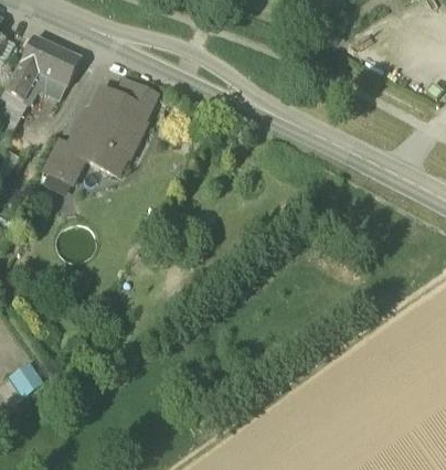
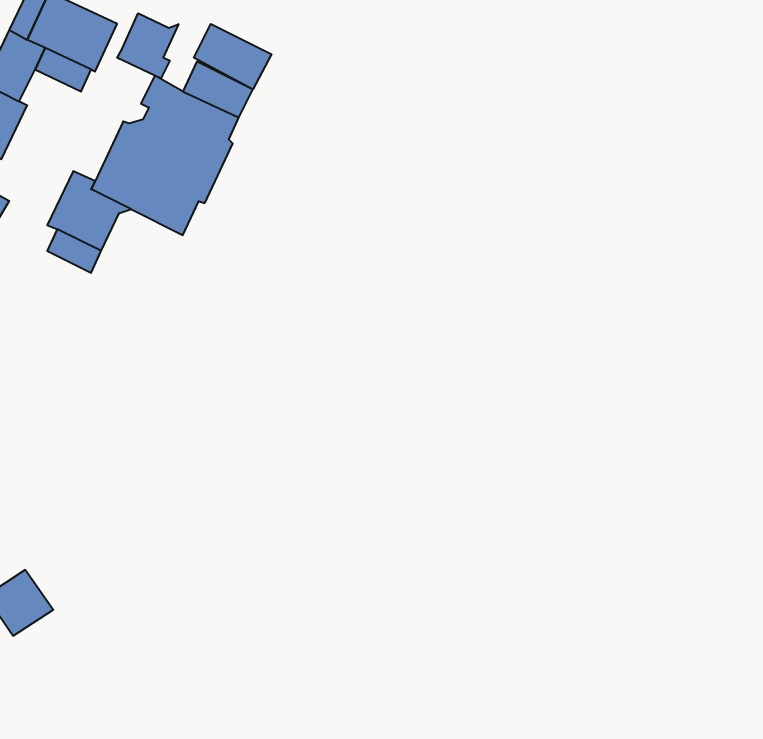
building: none -> [117,13,178,78]
building: none -> [194,24,272,90]

